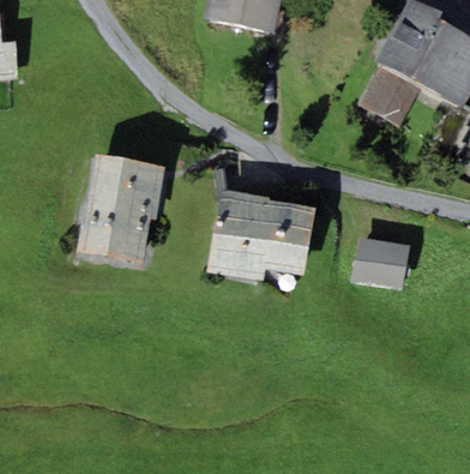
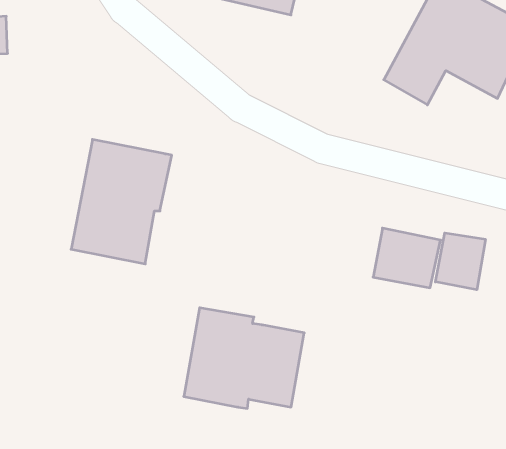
building: [206,185,315,276] -> [184,308,304,408]
building: none -> [435,233,485,290]

